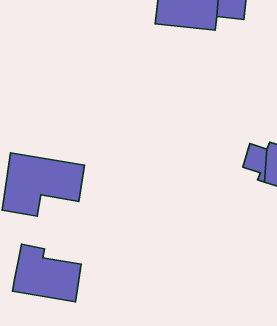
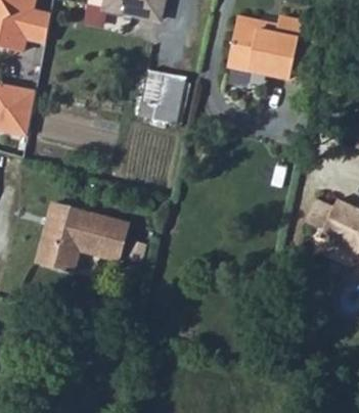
building: none -> [138,78,178,113]
building: [13,244,81,302] -> none

